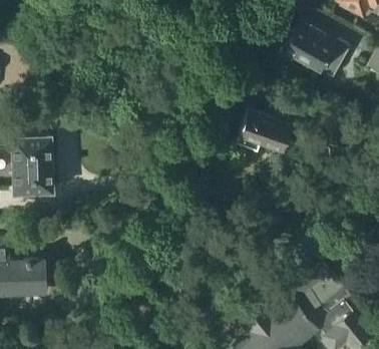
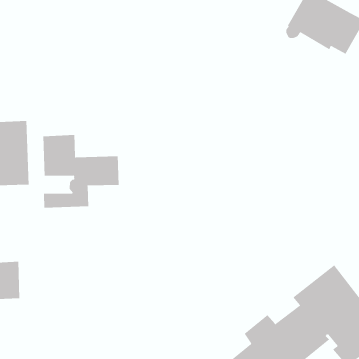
building: [237,107,313,153] -> none
building: none -> [43,134,119,209]

